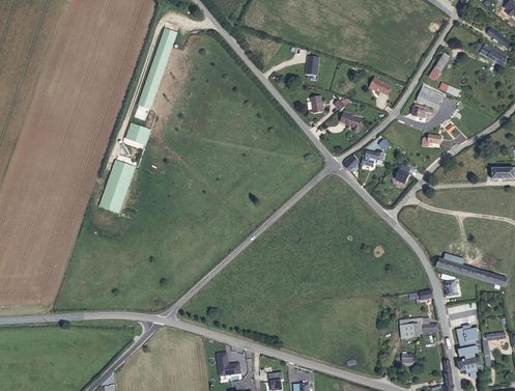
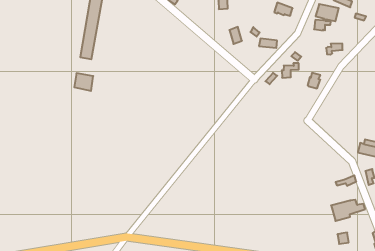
building: [98,159,134,212] -> none

